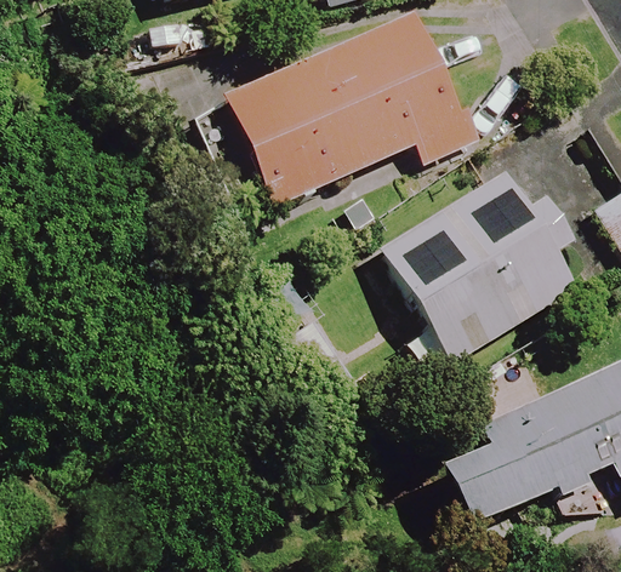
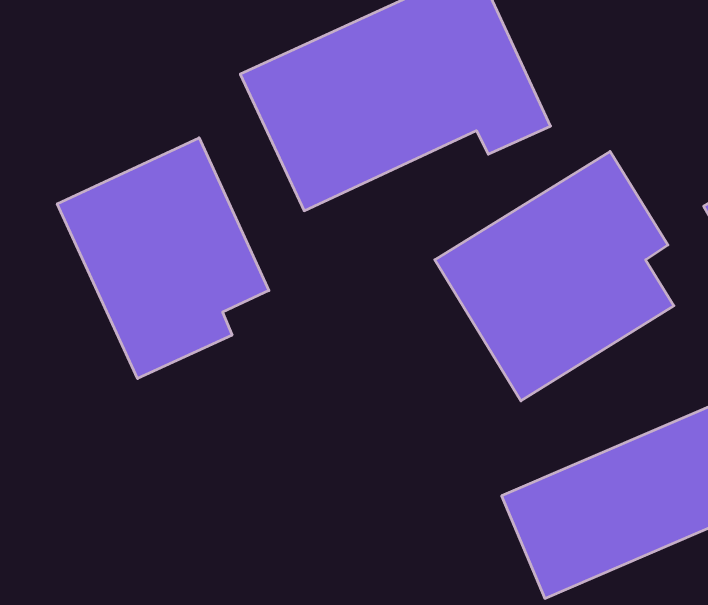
building: none -> [57,138,269,379]

